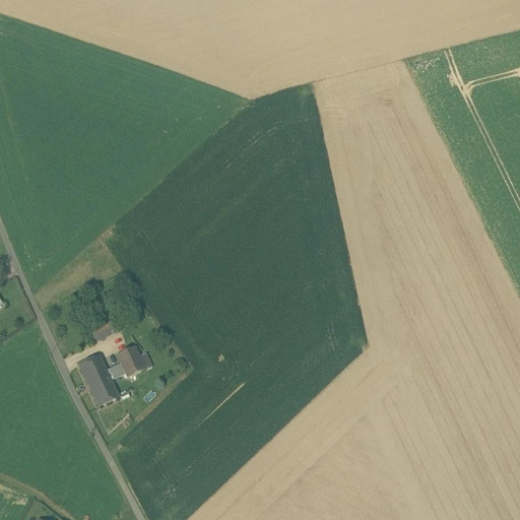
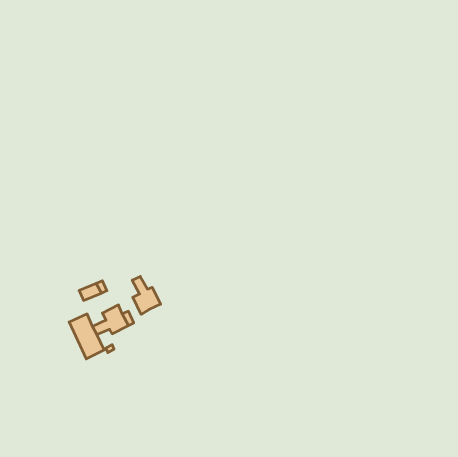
building: none -> [132,276,161,314]

